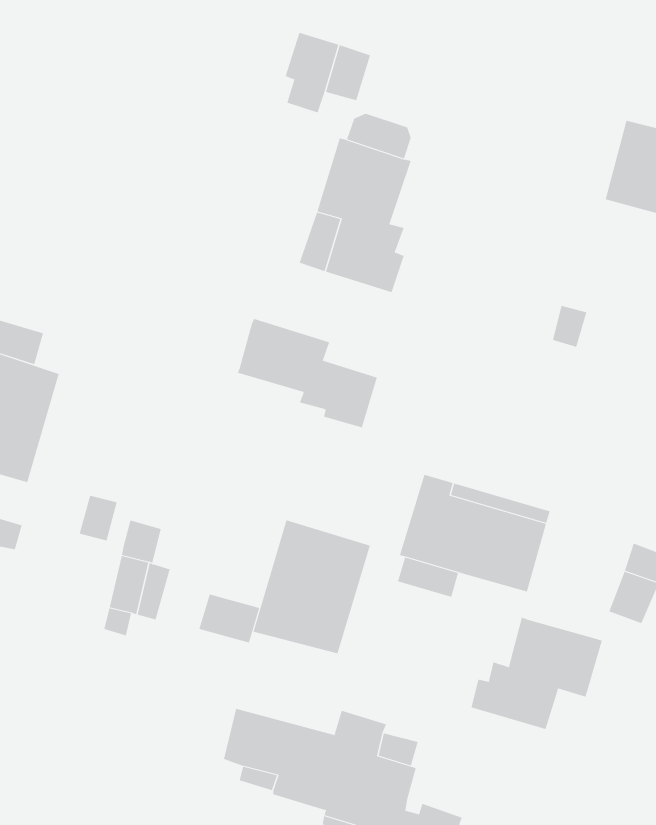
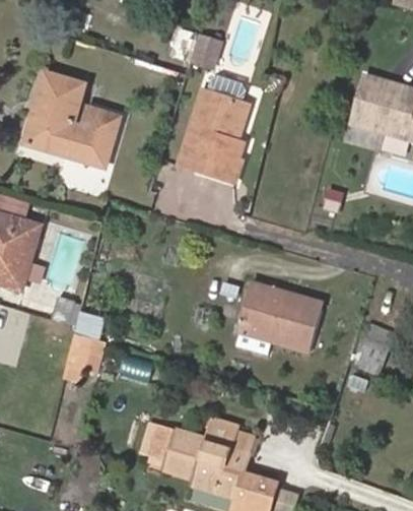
building: none -> [24,72,123,164]
building: [237,318,377,428] -> none
building: [253,519,371,654] -> none
building: [471,617,603,730] -> none

